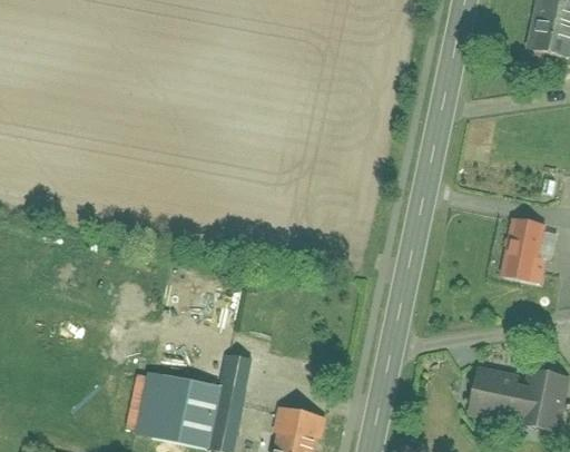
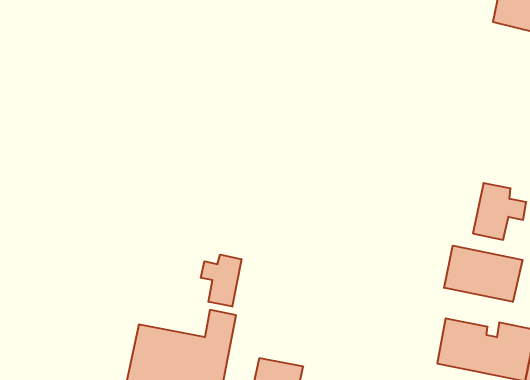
building: none -> [444,246,523,302]
building: none -> [201,255,241,307]

